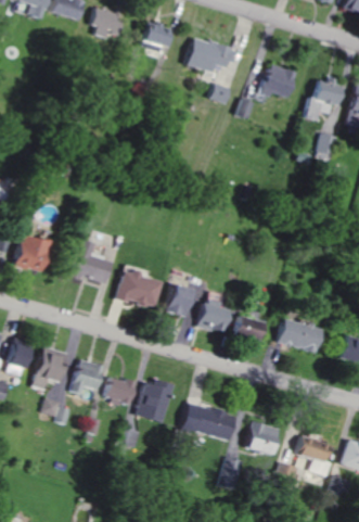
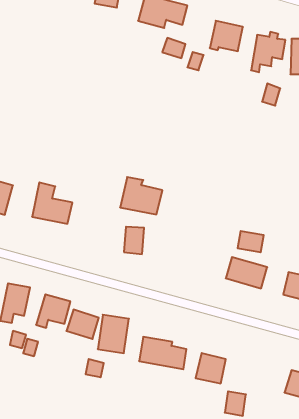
building: [119,267,165,307] -> [120,177,162,214]
building: [203,300,232,332] -> none
building: [236,317,265,340] -> [238,231,264,252]
building: [296,436,334,476] -> none

